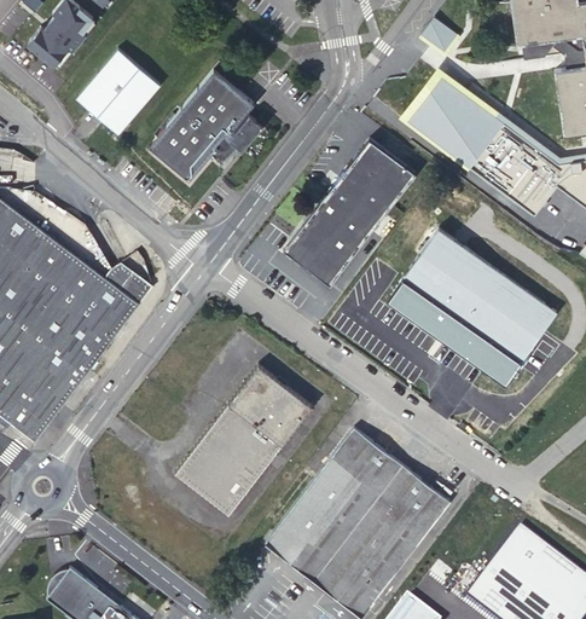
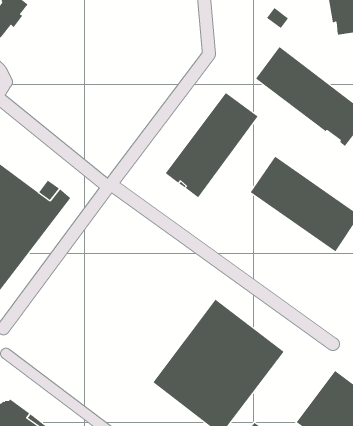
building: [76,60,157,144] -> none
building: [151,77,265,190] -> none
building: [385,278,521,383] -> none
building: [175,365,311,514] -> none

